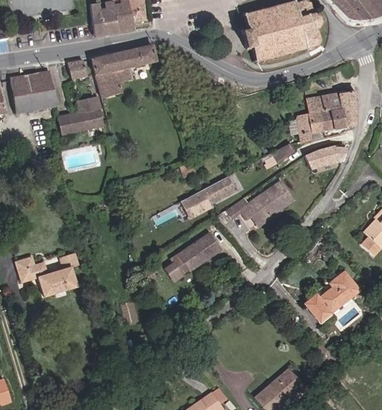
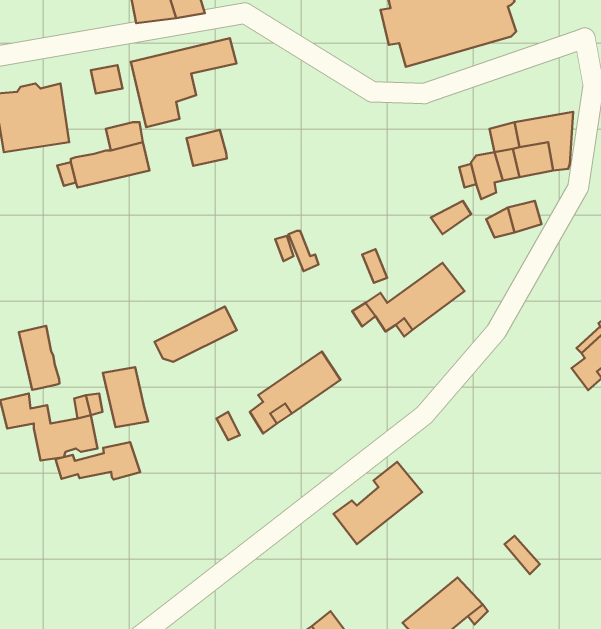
building: none -> [187,130,227,166]
building: [185,177,234,210] -> [155,307,237,362]
building: none -> [19,326,60,390]
building: none -> [103,367,148,427]
building: [307,271,360,320] -> [333,462,422,544]
building: none -> [55,442,140,480]

